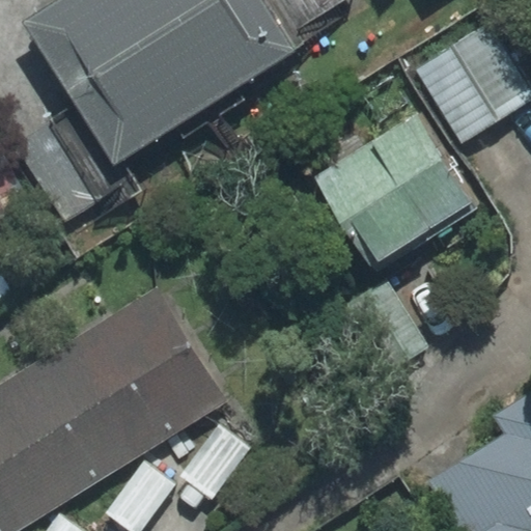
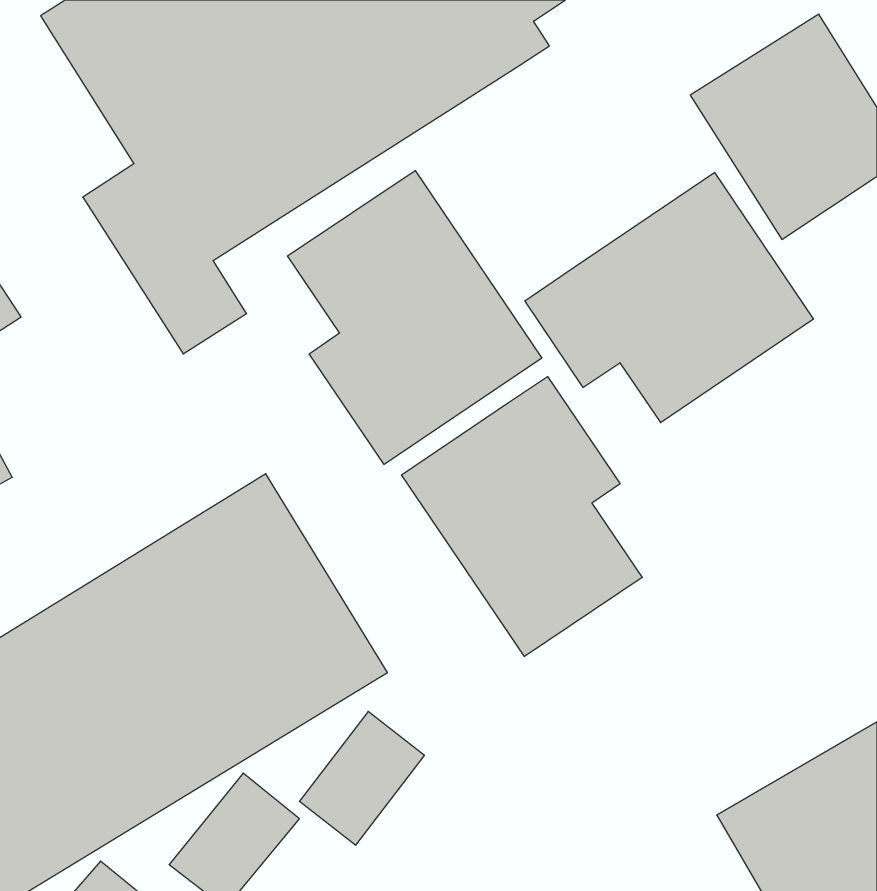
building: none -> [288,170,542,464]
building: none -> [402,377,642,657]

